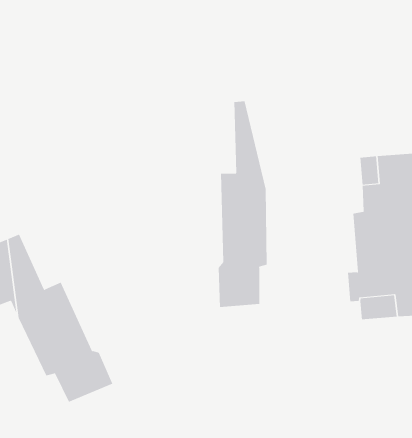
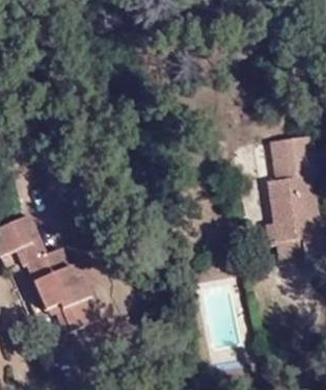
building: [218,101,267,308] -> none

